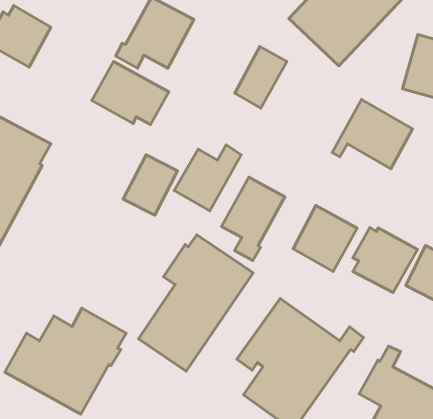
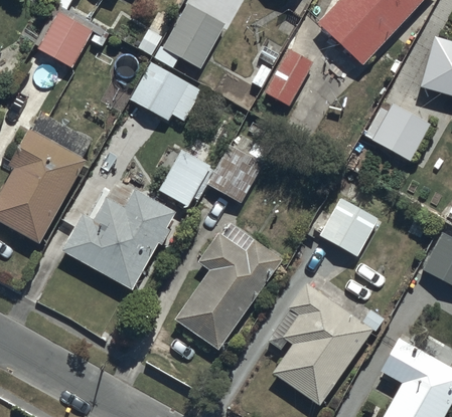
building: [221,177,285,260] -> none
building: [353,228,418,293] -> none
building: [5,308,126,414] -> [63,191,176,289]

